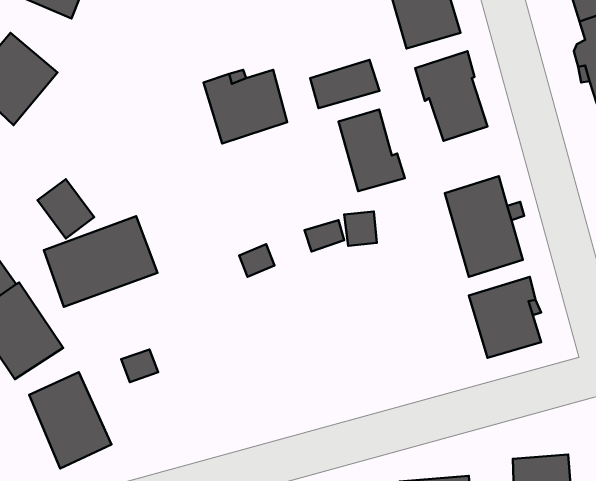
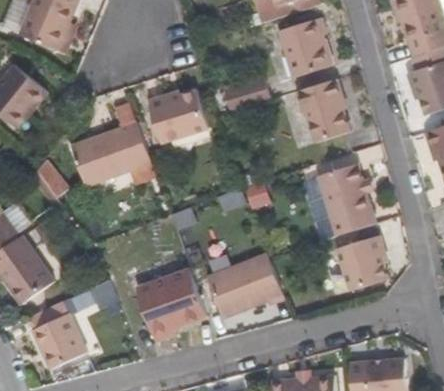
building: [338,110,405,191] -> none
building: [44,216,158,307] -> [70,121,150,185]
building: none -> [206,255,283,318]
building: none -> [134,268,206,342]

